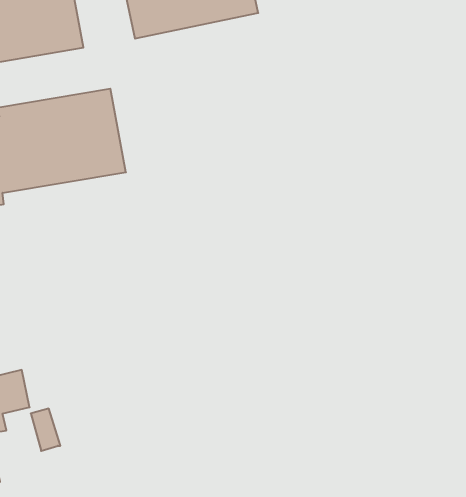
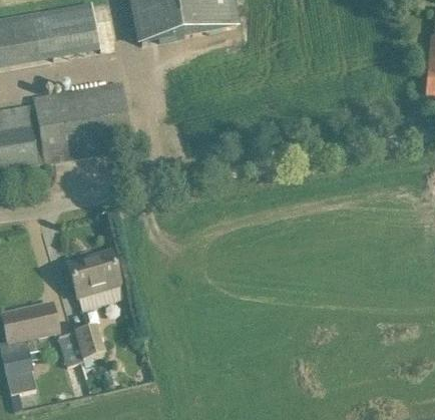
building: none -> [67,250,123,310]
building: none -> [72,324,103,360]

